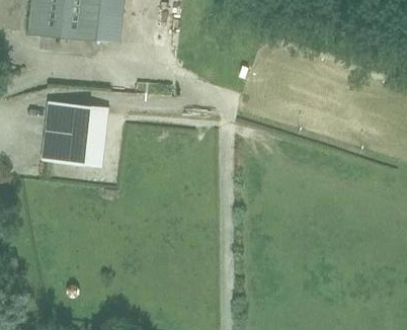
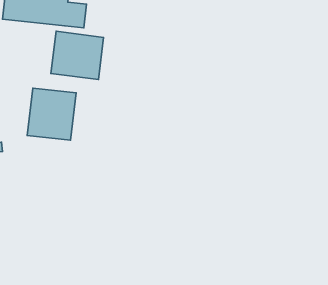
building: none -> [51,31,103,80]

